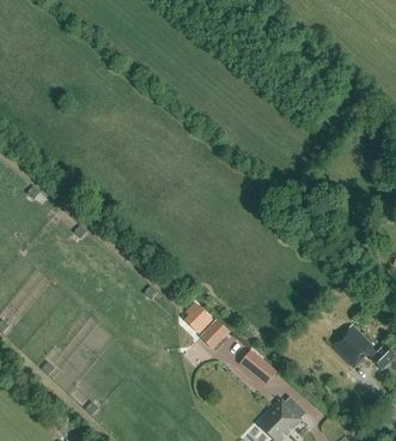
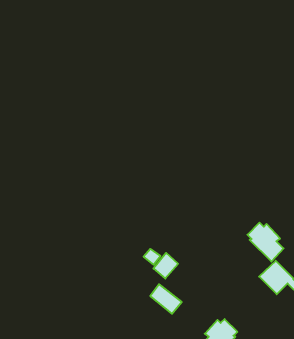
building: none -> [247,223,284,262]
building: [239,351,278,387] -> [150,284,182,314]

